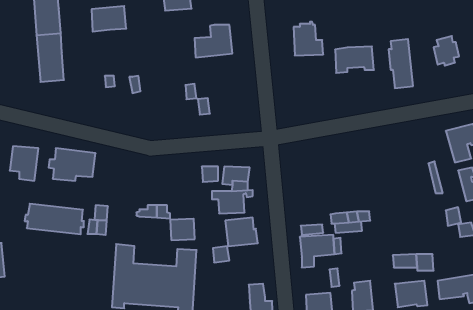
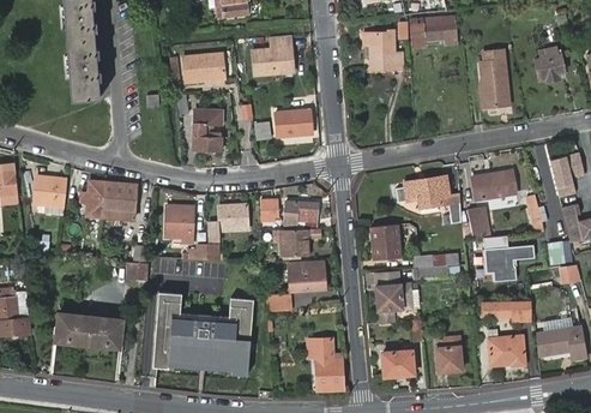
building: [92,6,126,32] -> [182,52,223,82]
building: [335,46,374,73] -> [410,17,456,48]
building: none -> [275,107,313,136]
building: none -> [192,108,222,151]
building: none -> [470,169,515,200]
building: none -> [403,176,462,226]
building: none -> [165,205,193,244]
building: none -> [466,206,490,239]
building: none -> [369,223,399,259]
building: [25,204,84,234] -> [54,312,123,348]
building: none -> [484,246,533,283]
building: [170,219,195,240] -> [218,205,247,231]

